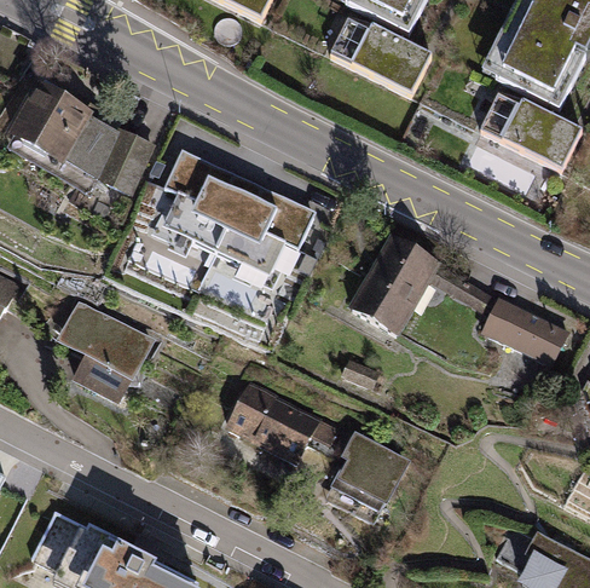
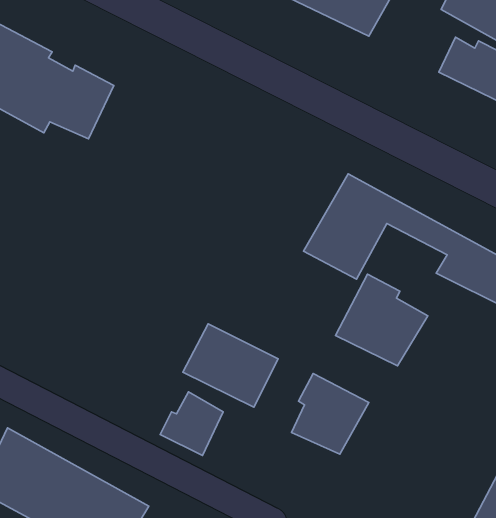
building: [160,152,313,279] -> none
building: [54,304,156,409] -> none
building: none -> [336,274,428,366]
building: none -> [160,392,223,456]

